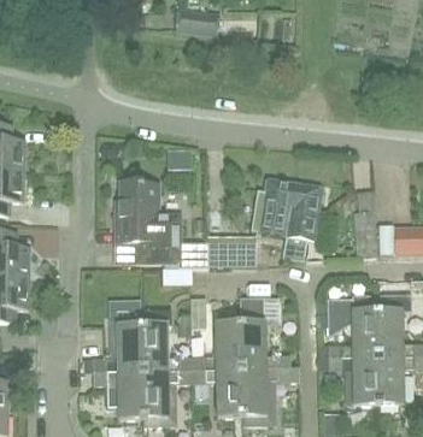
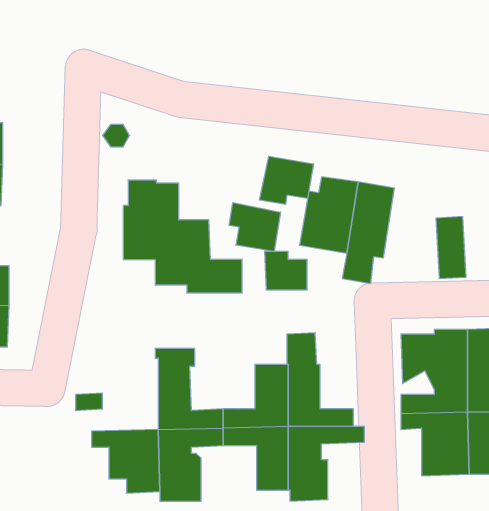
building: none -> [260,156,313,204]
building: none -> [229,203,281,252]
building: [82,317,142,372] -> none

